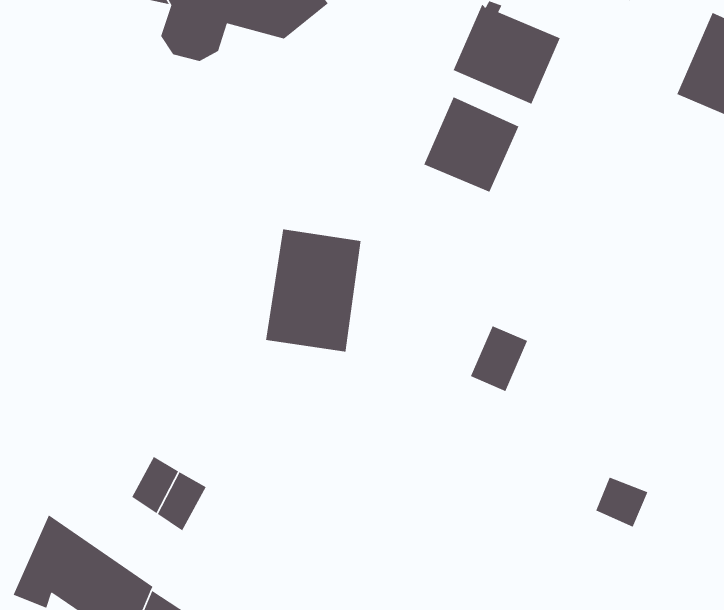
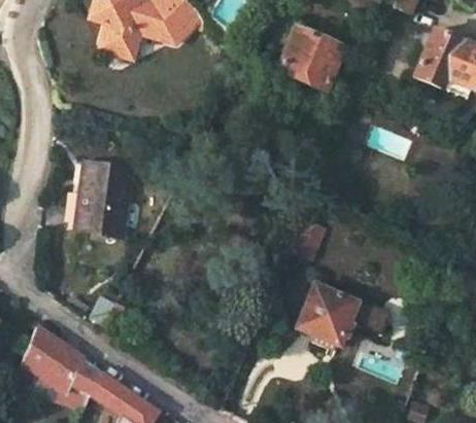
building: [423,96,519,193] -> none
building: [265,229,361,352] -> [75,162,133,236]
building: none -> [298,284,358,345]

